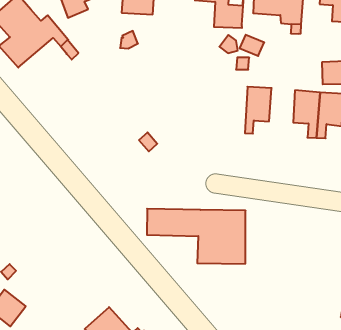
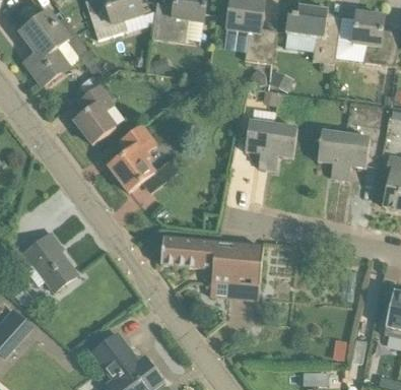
building: none -> [74,84,117,143]
building: none -> [245,118,273,168]
building: none -> [109,122,157,191]
building: none -> [20,232,77,291]

